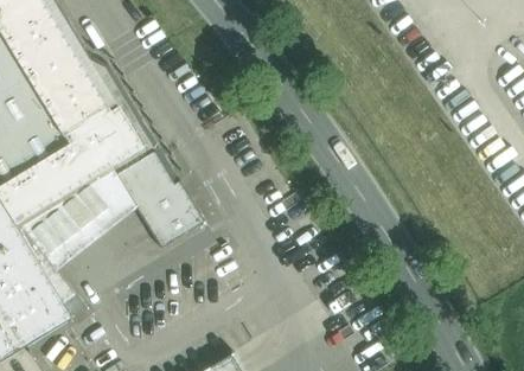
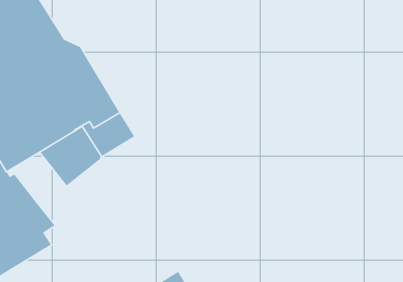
building: [134,181,204,250] -> none
building: [14,202,85,266] -> none

